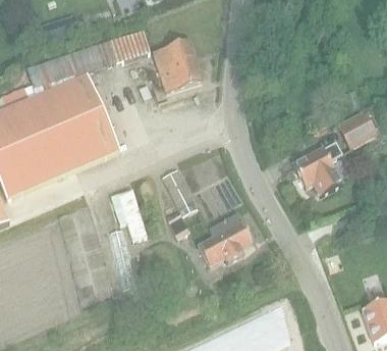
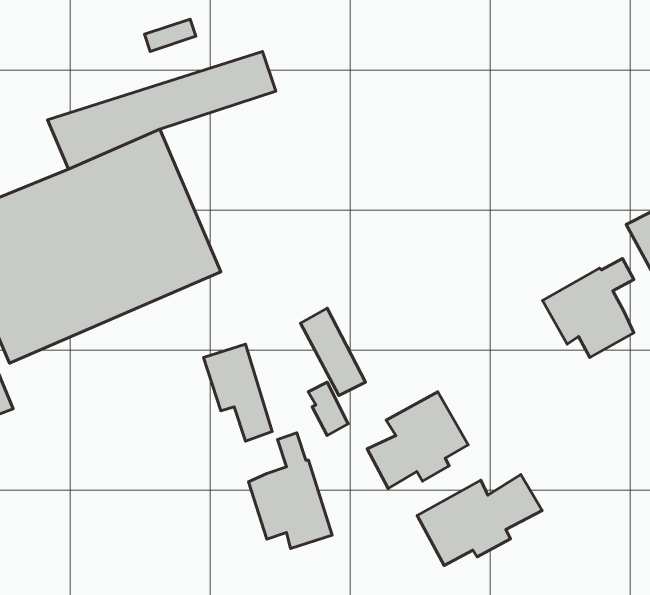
building: [152,40,201,92] -> none
building: none -> [249,433,332,548]
building: none -> [417,475,542,565]

